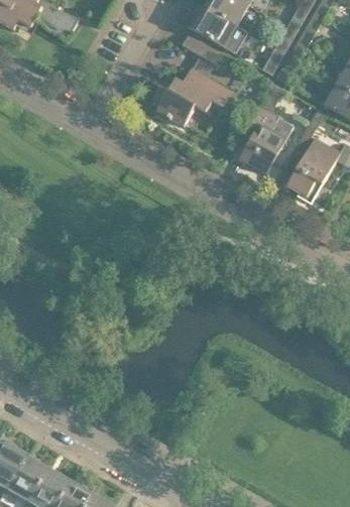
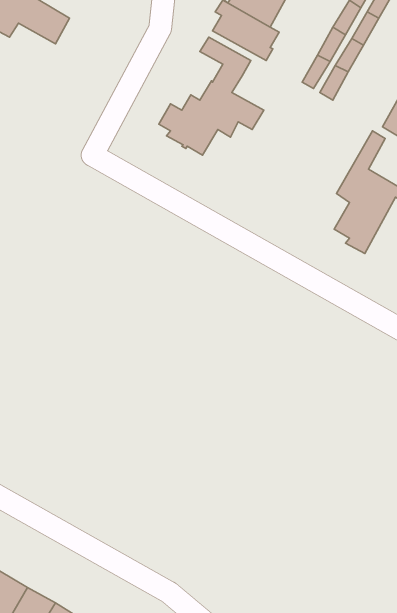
building: [238,98,291,174] -> none

